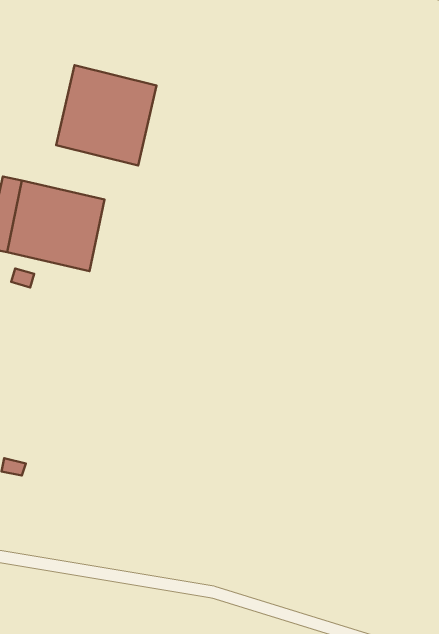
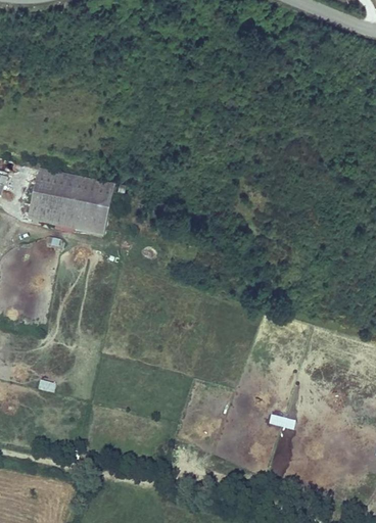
building: [56,65,156,166] -> none

